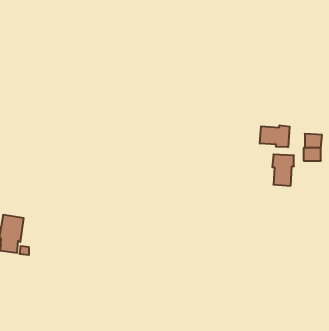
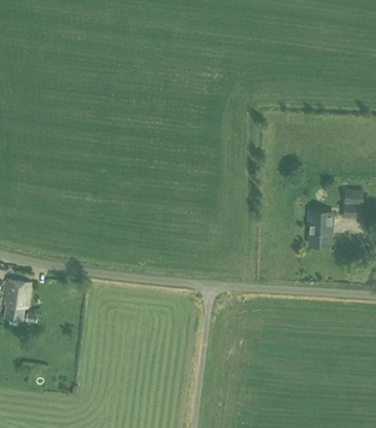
building: [260,125,290,147] -> none

